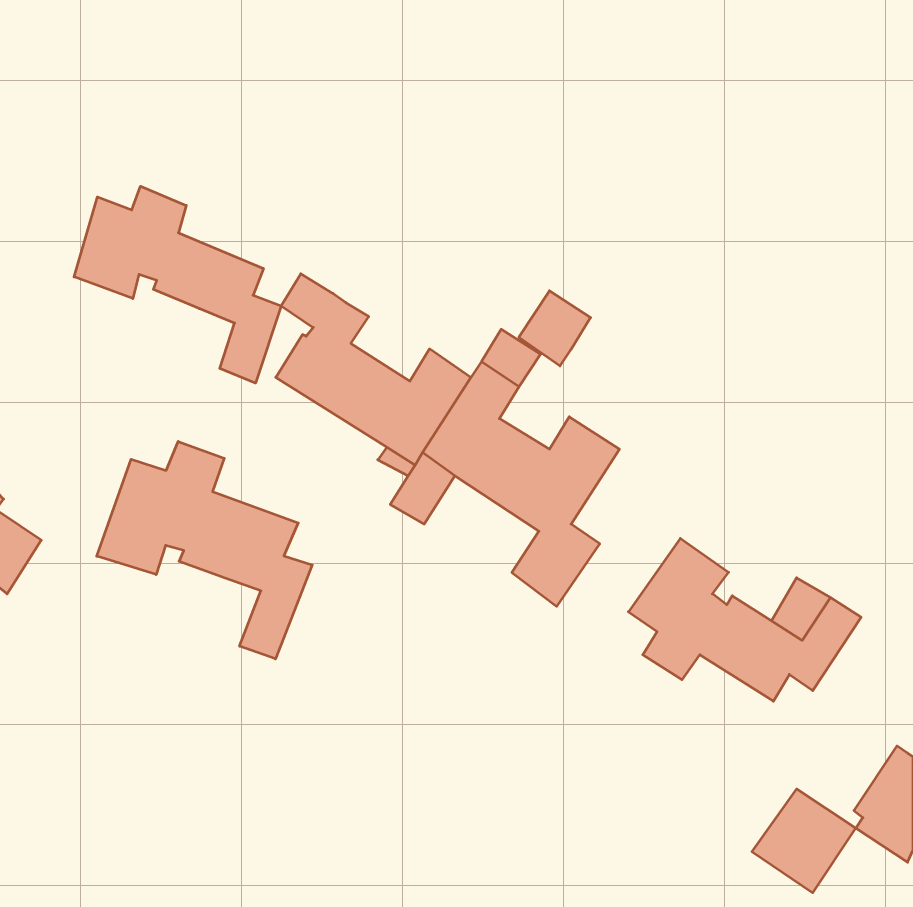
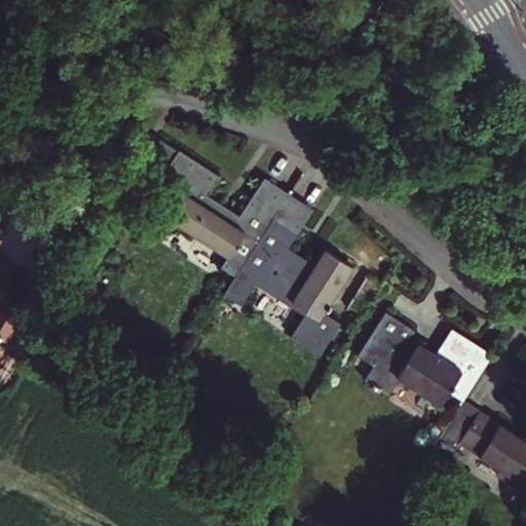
building: [74,186,281,383] -> none
building: [519,291,591,366] -> [247,178,288,221]
building: [97,441,312,659] -> none
building: [752,789,856,893] -> [455,410,515,469]

